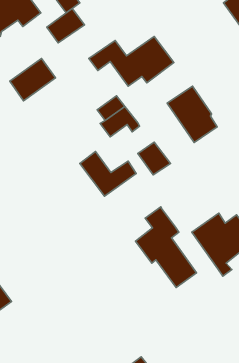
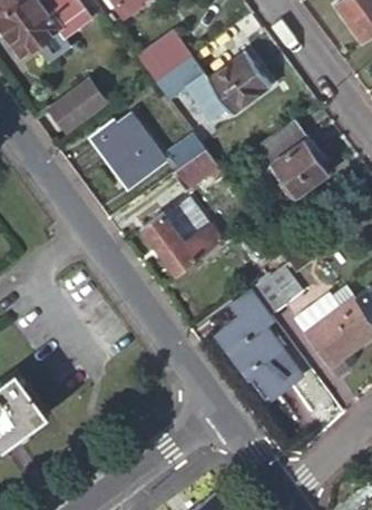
building: [47,8,84,43] -> [140,37,192,84]
building: none -> [99,120,163,186]
building: [138,142,170,175] -> [165,195,209,239]
building: none -> [255,266,305,314]

